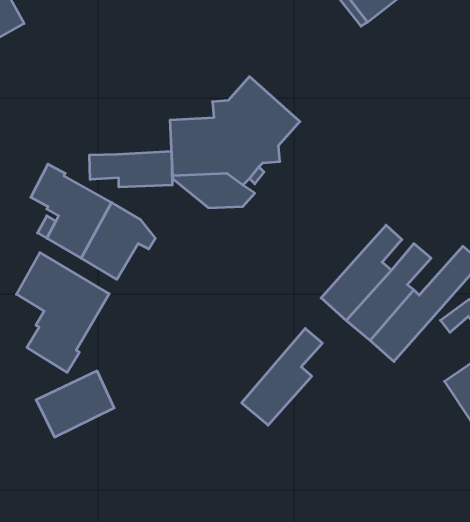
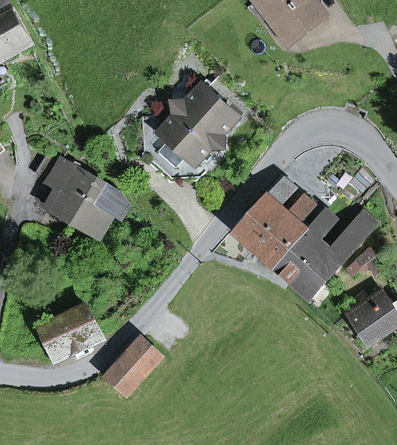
building: [90,151,172,187] -> none
building: [16,253,109,372] -> none
building: [242,328,322,425] -> [235,176,296,249]
building: none -> [106,337,162,394]

